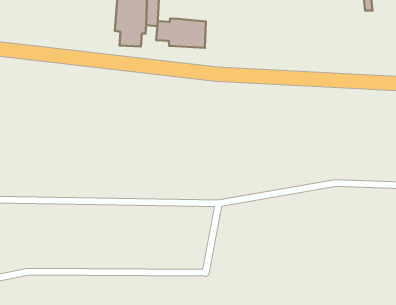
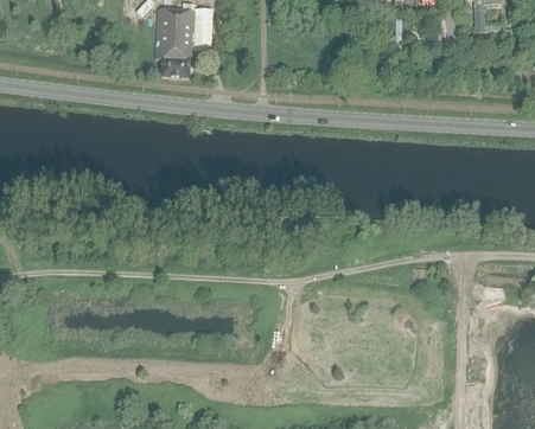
building: [156,19,206,48] -> none

